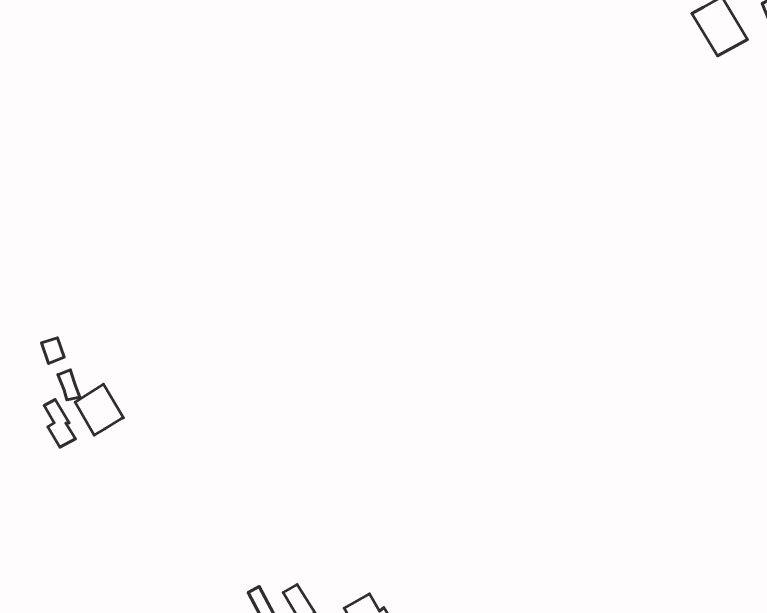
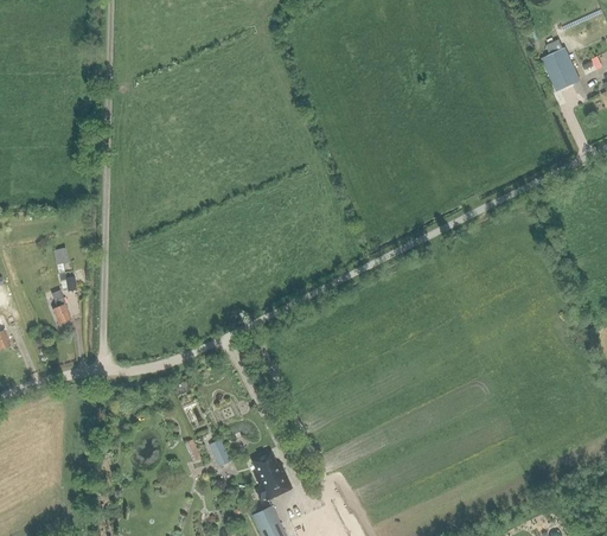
building: [75,384,124,435] -> none

